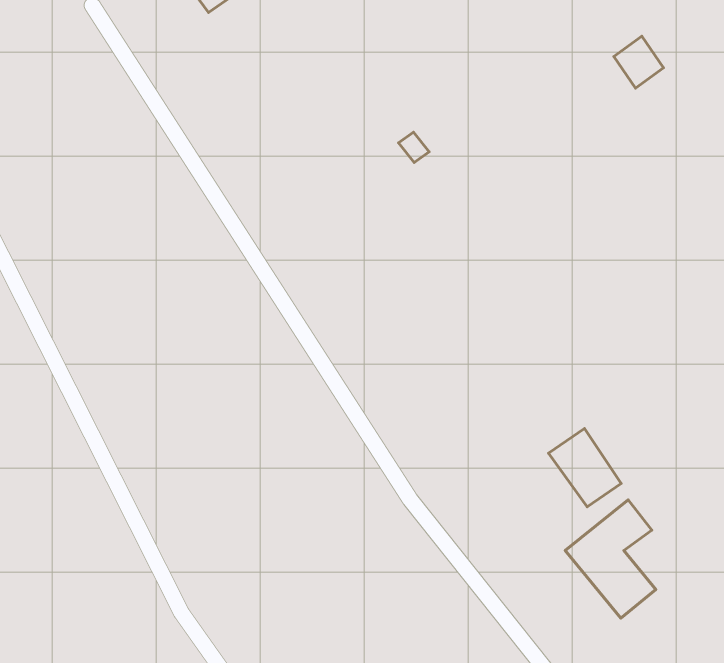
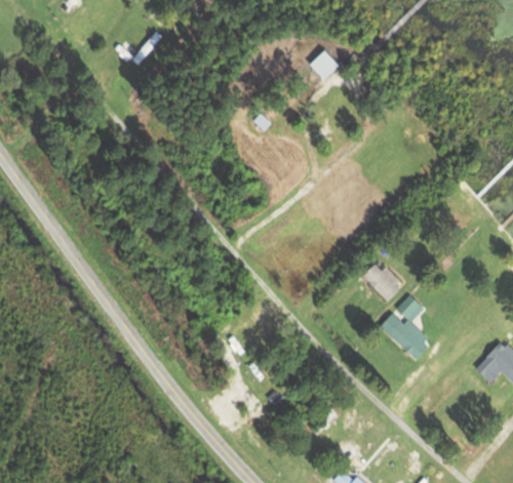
building: [614,36,663,88] -> [309,50,337,79]

